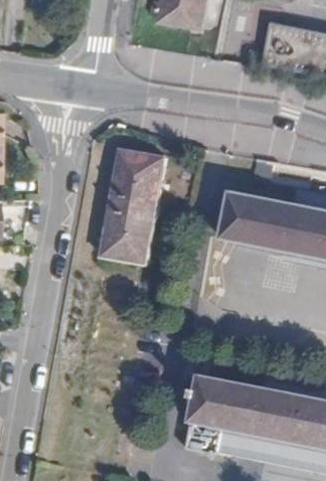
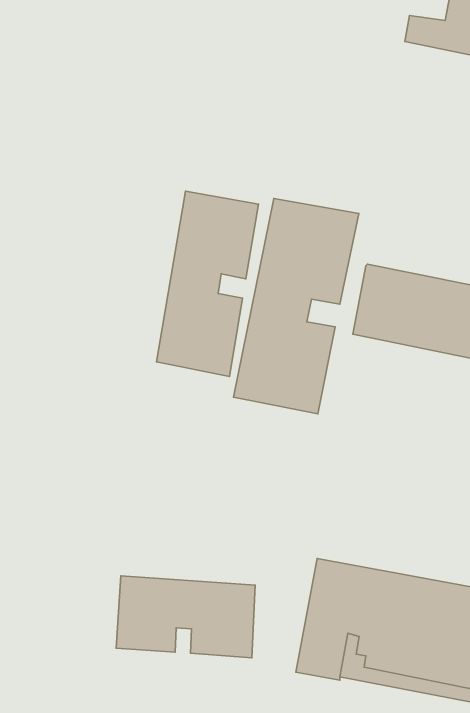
building: none -> [234,199,359,414]
building: none -> [116,576,255,658]

